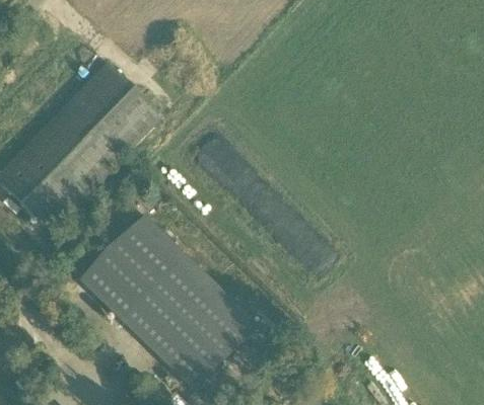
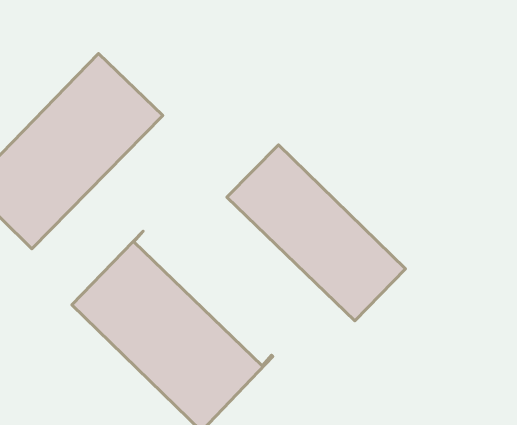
building: none -> [227,145,405,321]

